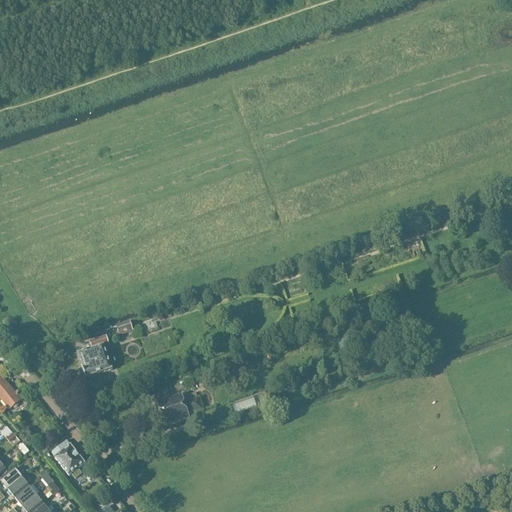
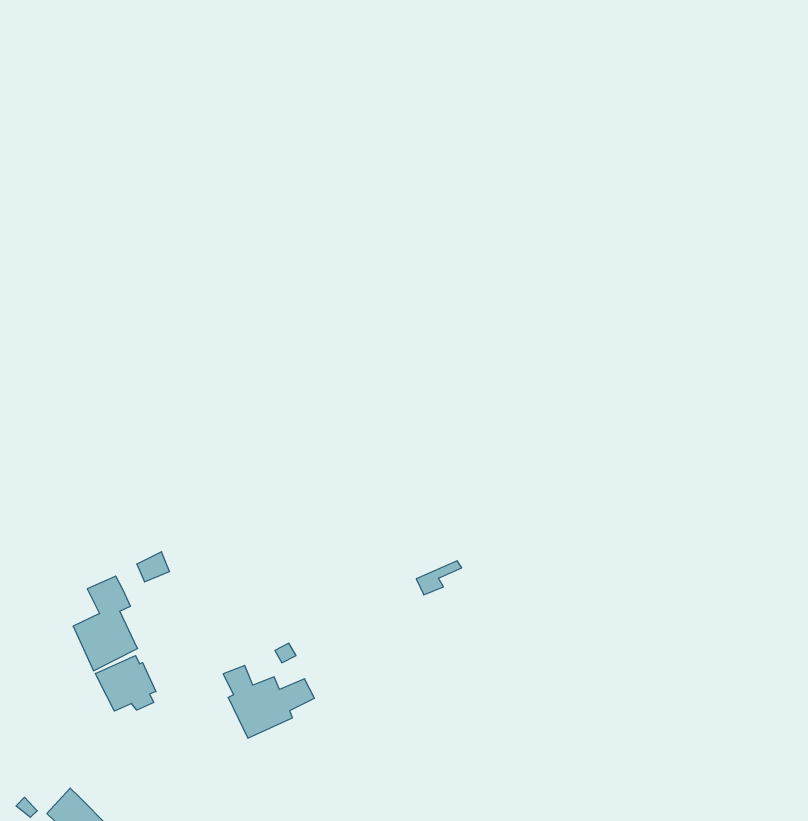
building: none -> [95,656,156,711]

